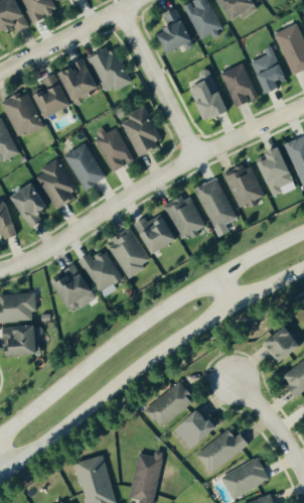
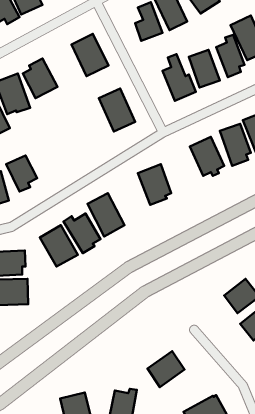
building: [61,57,99,101] -> none
building: [93,125,131,171] -> none
building: [62,142,105,190] -> none
building: [32,160,77,209] -> none
building: [195,177,233,237] -> none
building: [136,212,176,253] -> none
building: [144,382,193,427] -> none
building: [194,429,249,471] -> none

